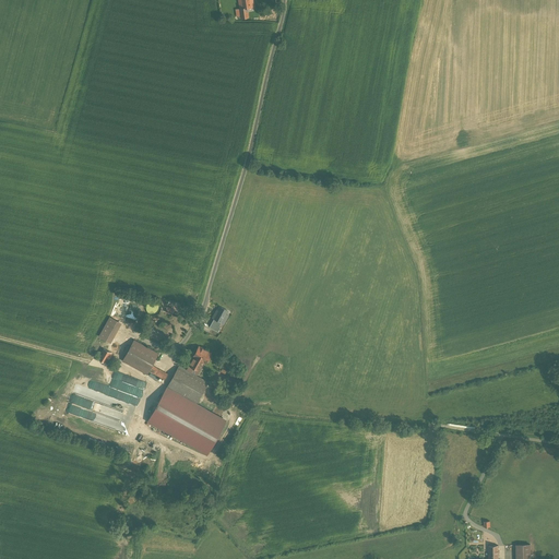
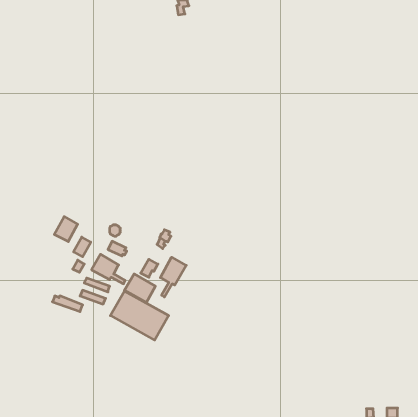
building: none -> [54,217,78,242]
building: none -> [160,257,186,297]

